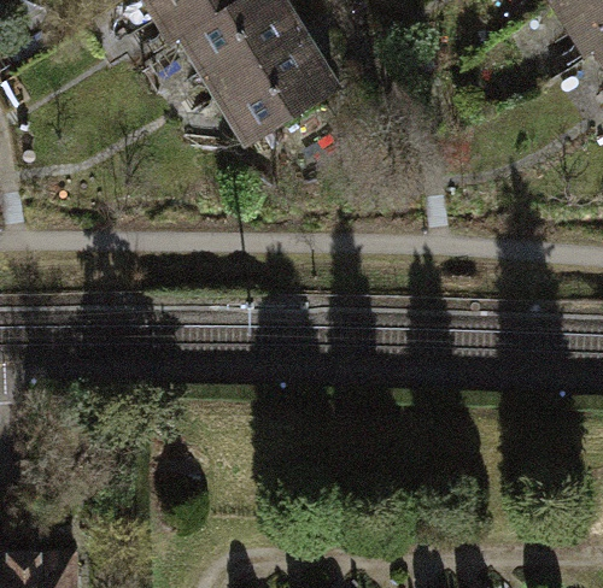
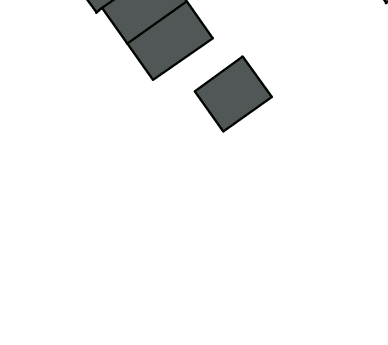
building: none -> [195,57,272,131]

